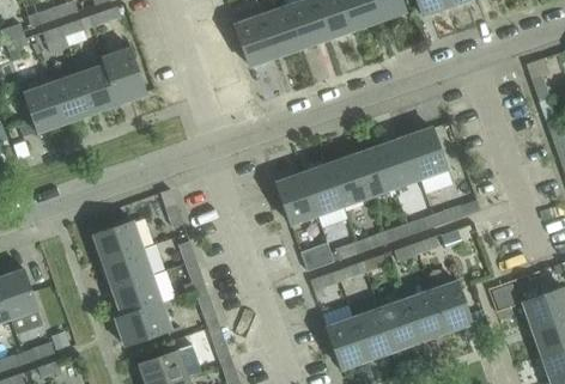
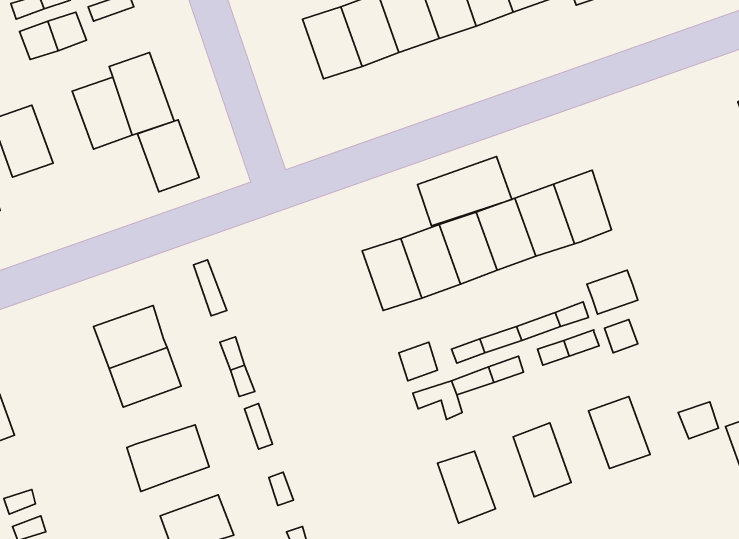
building: [50,73,92,122] -> [138,120,199,192]
building: none -> [418,157,512,226]
building: [113,274,162,313] -> none
building: [403,291,444,340] -> none
building: [350,298,393,358] -> none

